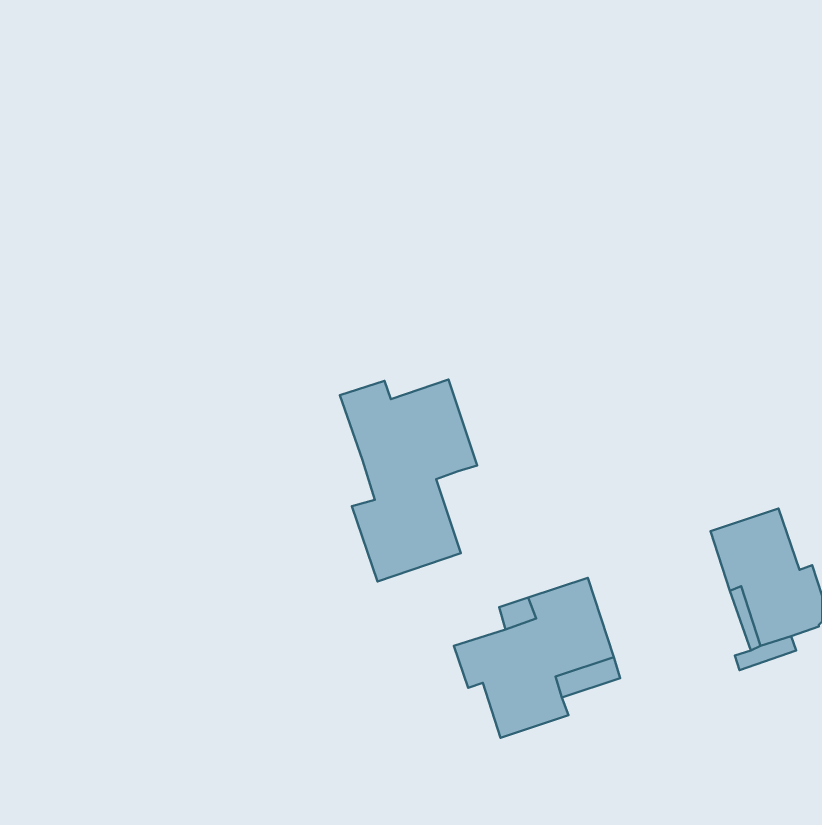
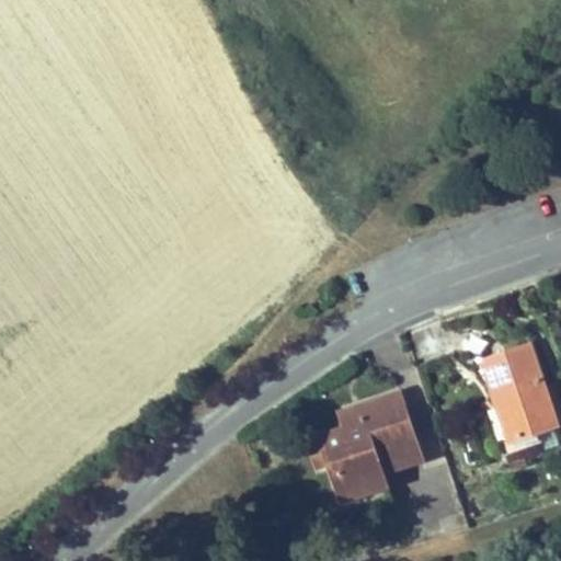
building: [340,379,477,582] -> none

